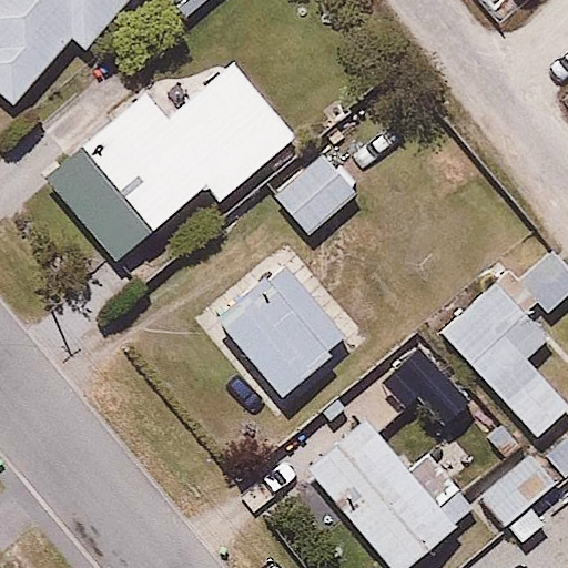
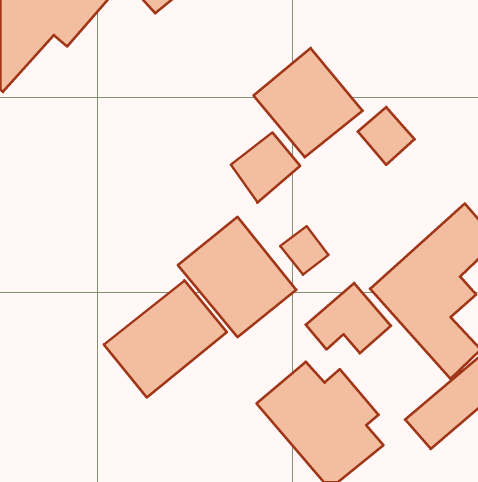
building: none -> [254,48,363,157]
building: [42,64,296,257] -> none
building: none -> [104,280,227,397]

